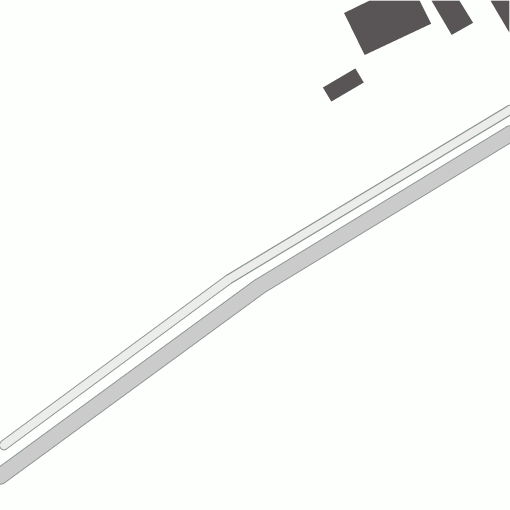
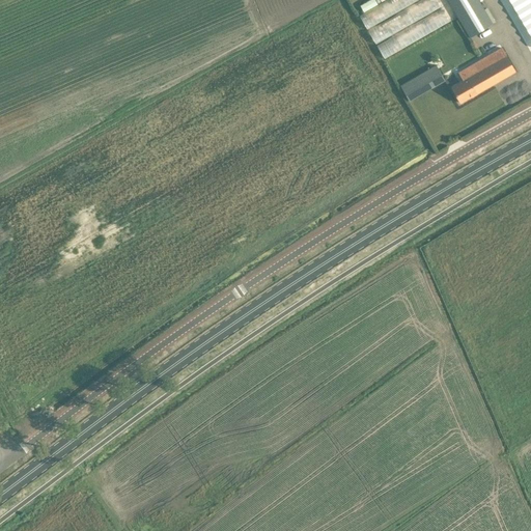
building: none -> [451,48,515,103]
building: [322,68,365,103] -> [400,64,445,101]

